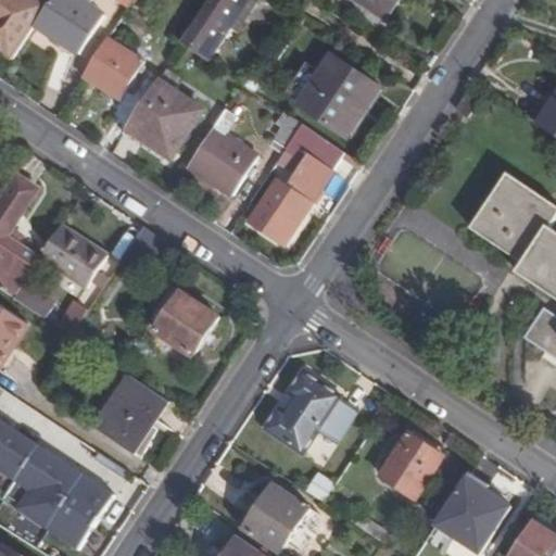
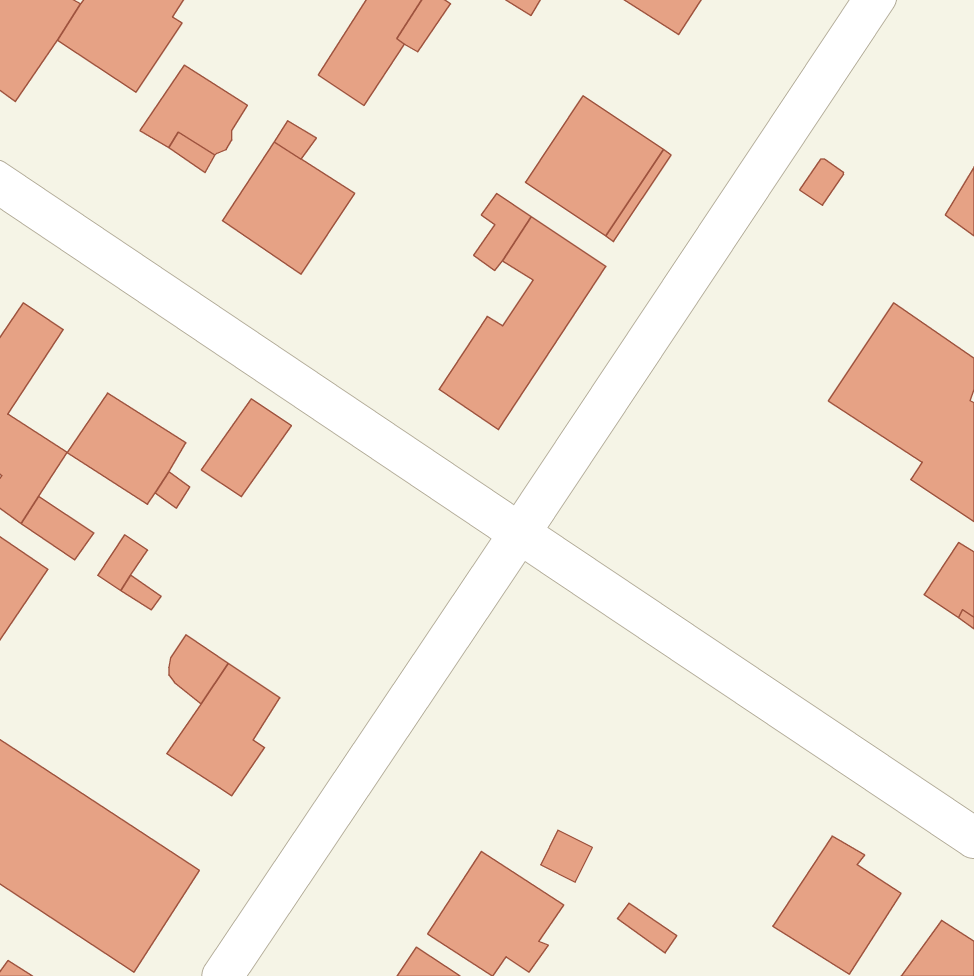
building: [186,108,257,194] -> none
building: [154,290,217,354] -> none
building: [263,369,355,453] -> none
building: [379,431,442,498] -> none

